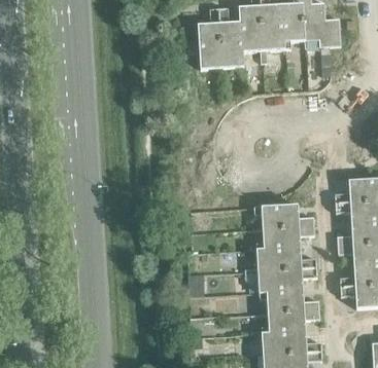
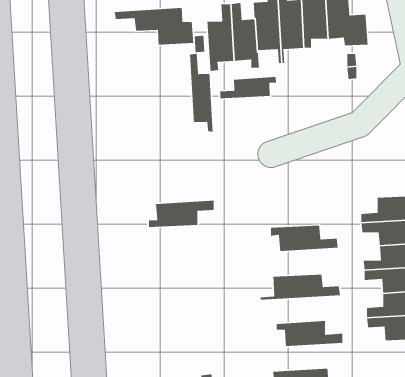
building: none -> [114,7,194,45]
building: none -> [189,53,213,133]
building: none -> [219,76,277,99]
building: [255,226,314,251] -> [148,200,214,228]
building: [244,268,316,293] -> none
building: [255,310,319,335] -> none

